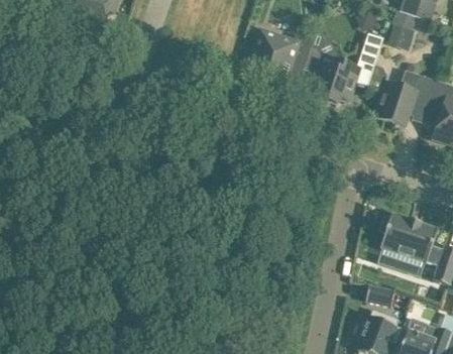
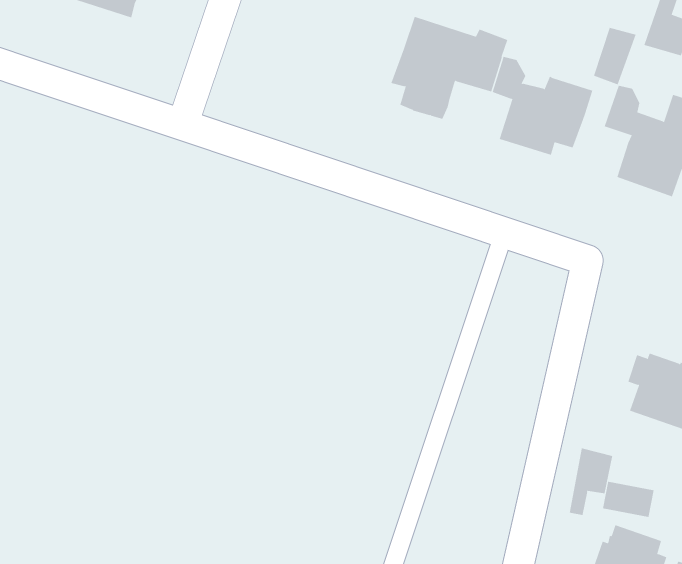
building: none -> [569,448,613,516]

